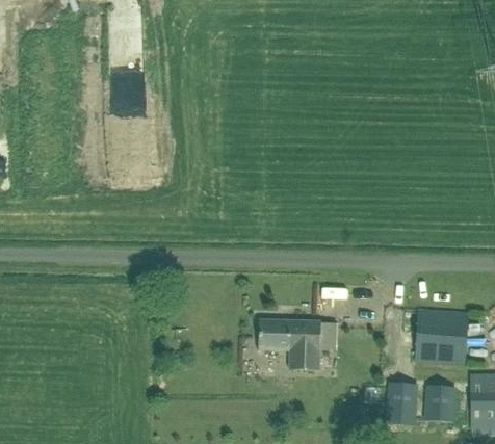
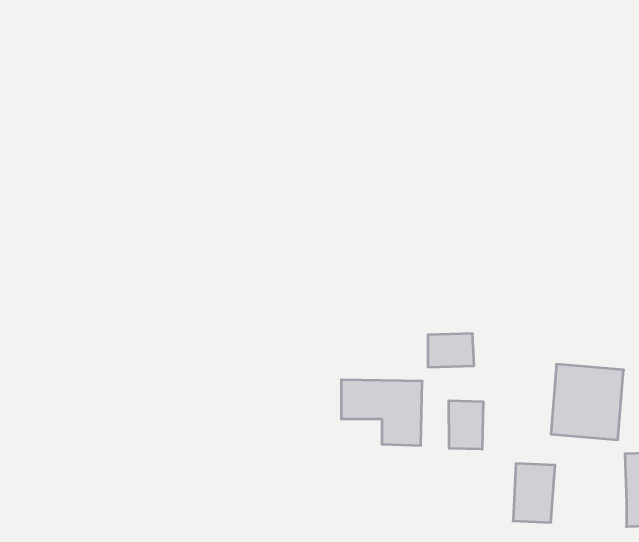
building: none -> [449,401,483,449]
building: [424,386,457,421] -> none

